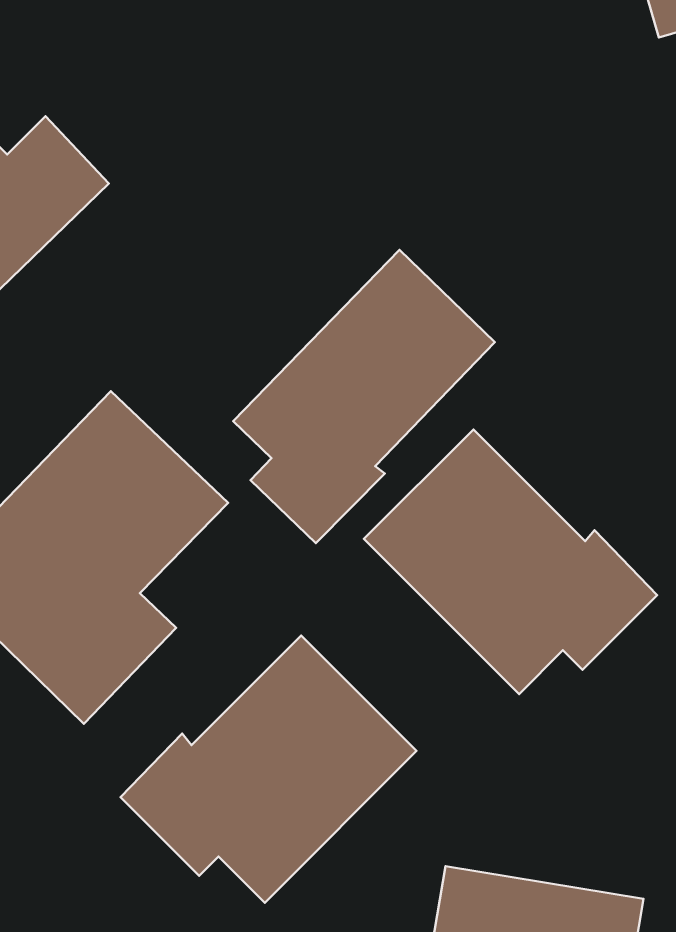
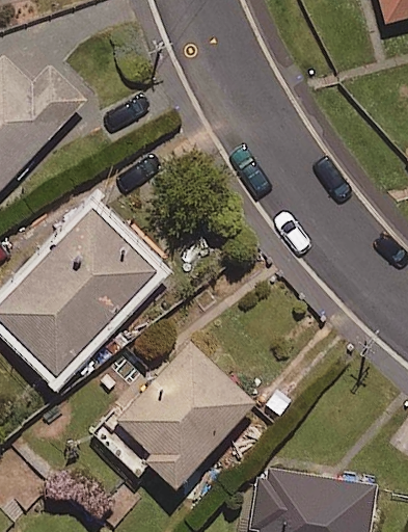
building: [233,250,495,543] -> none
building: [364,429,657,694] -> none

